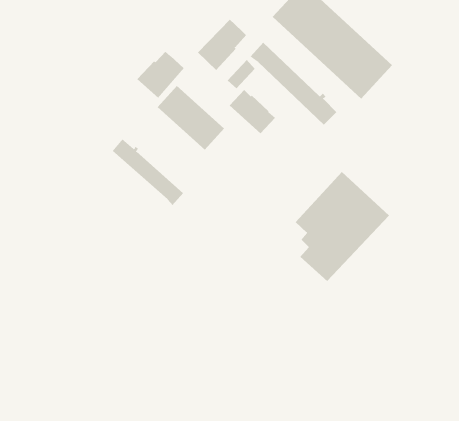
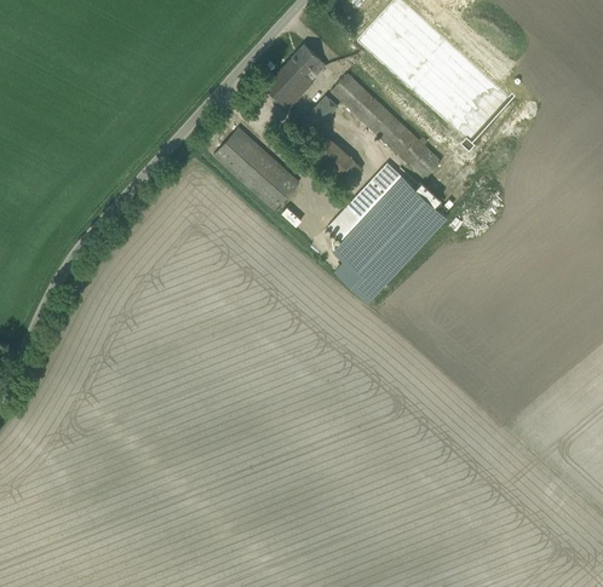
building: [137,51,185,98] -> none
building: [112,138,184,206] -> none
building: [295,171,390,282] -> [328,162,448,301]

